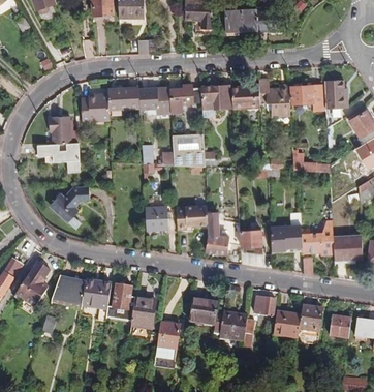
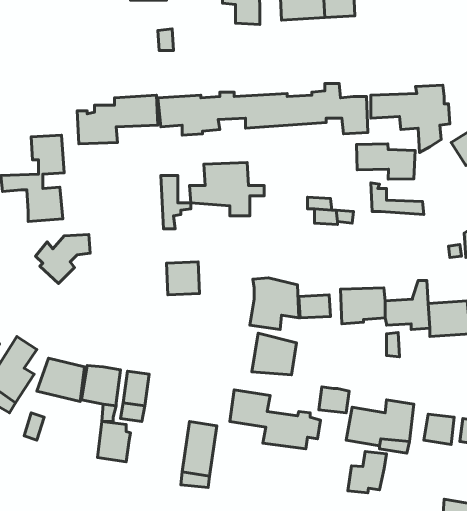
building: none -> [356,144,415,179]
building: [176,205,208,225] -> none
building: none -> [252,333,297,375]
building: [132,298,156,327] -> [97,421,130,462]
building: none -> [348,452,387,493]

